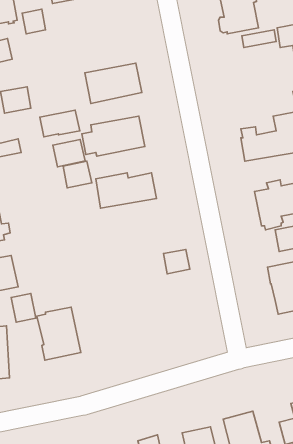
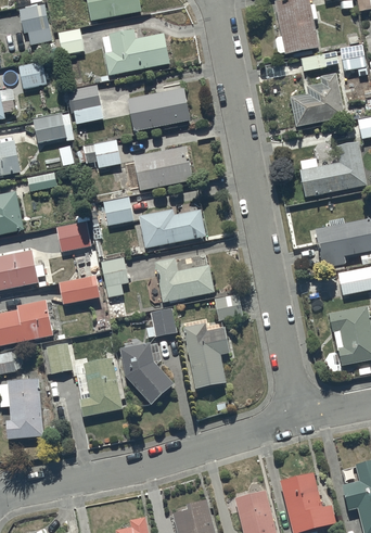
building: none -> [102,28,170,75]
building: none -> [290,73,344,126]
building: none -> [66,84,103,124]
building: [53,139,85,167] -> [55,220,91,251]
building: none -> [101,256,128,296]
building: none -> [154,258,215,302]
building: none -> [59,275,101,305]
building: none -> [146,307,177,337]
building: none -> [182,322,230,389]
building: none -> [119,342,174,404]

